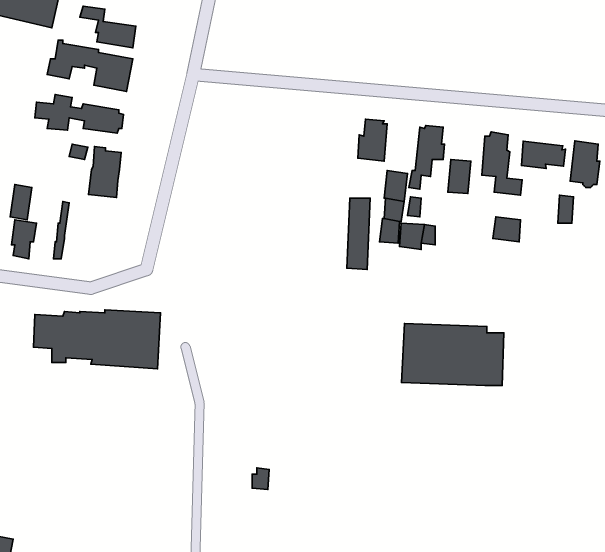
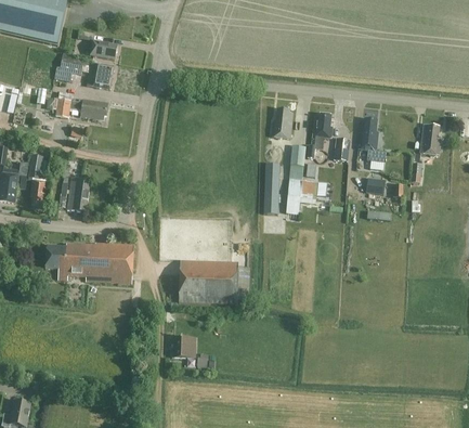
building: [521,141,566,169] -> none
building: [88,146,121,197] -> [66,176,89,211]
building: [401,324,504,386] -> [178,259,249,302]
building: none -> [171,336,196,356]

